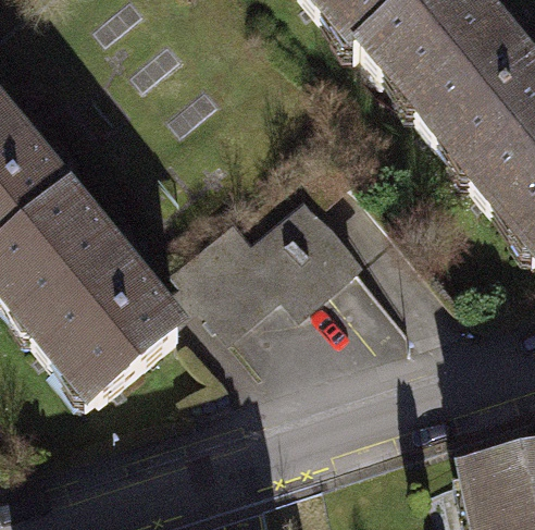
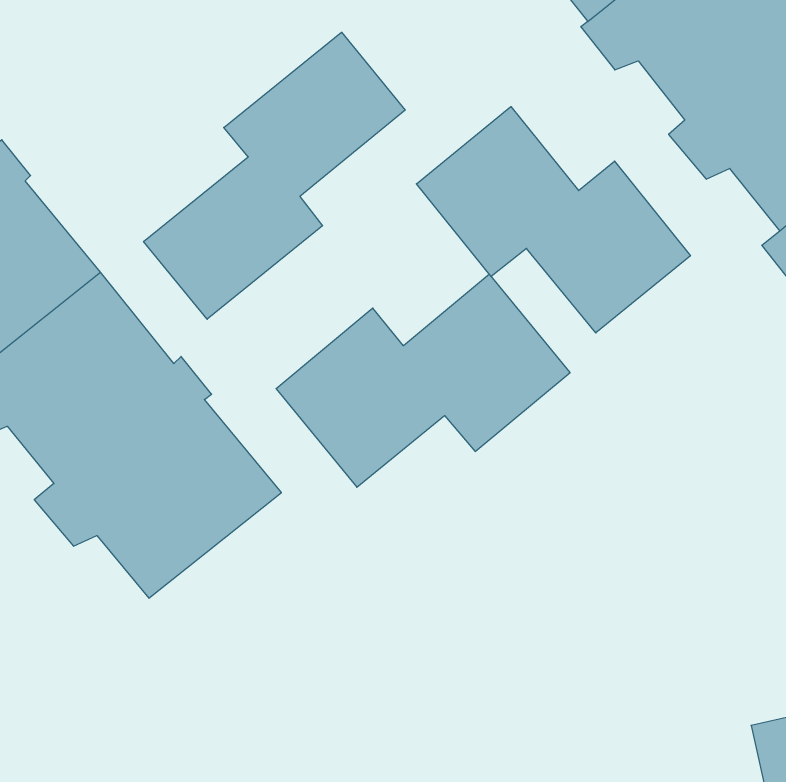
building: none -> [144,32,405,319]
building: none -> [416,107,690,333]

